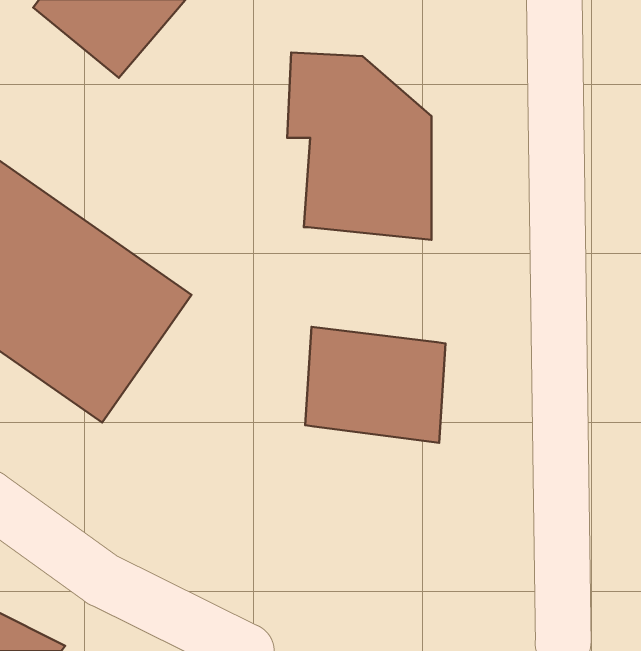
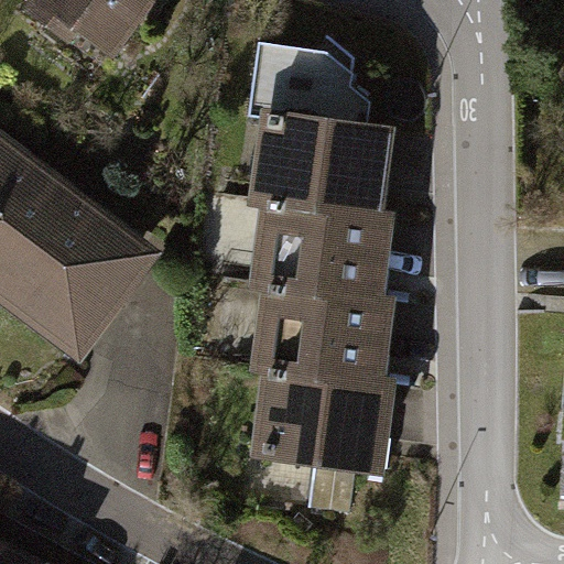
building: none -> [261,196,383,295]
building: none -> [265,368,384,468]

